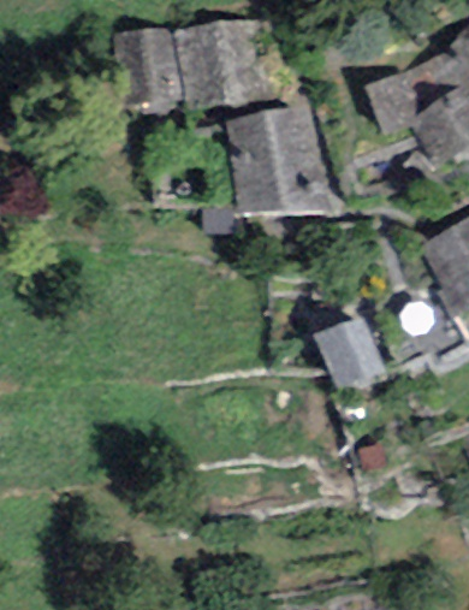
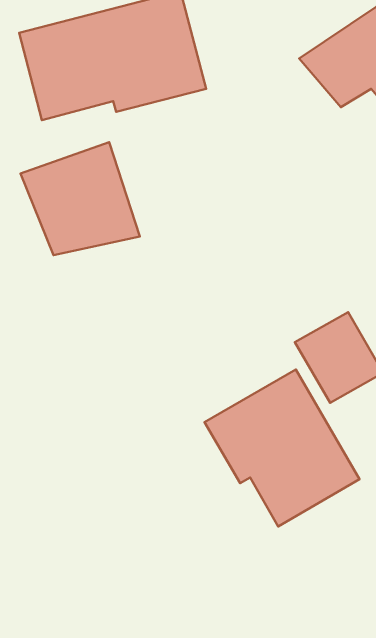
building: [226,109,322,201] -> [21,142,140,255]
building: none -> [205,369,359,526]

